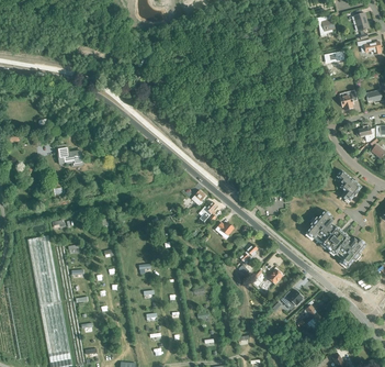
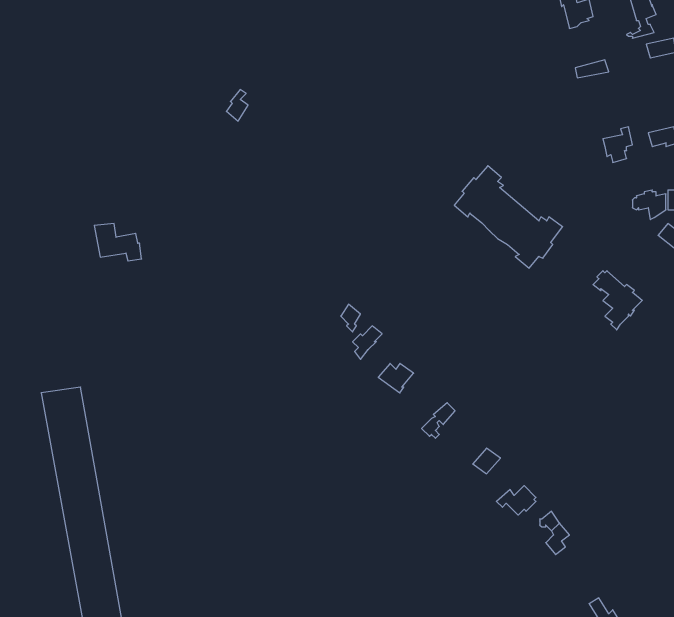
building: [306,210,366,267] -> [454,166,563,268]

